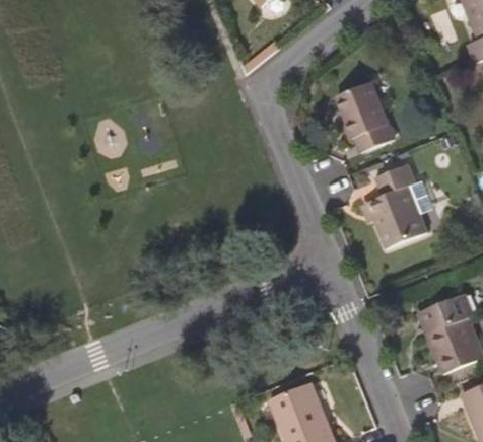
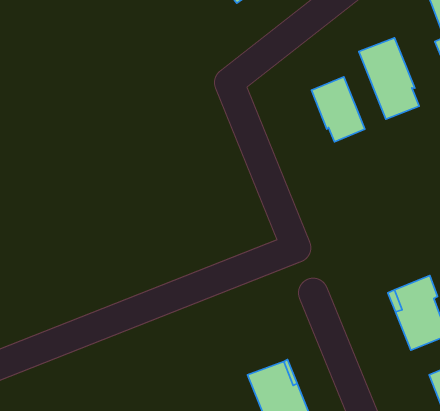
building: none -> [359,38,419,119]
building: [366,164,424,246] -> none

